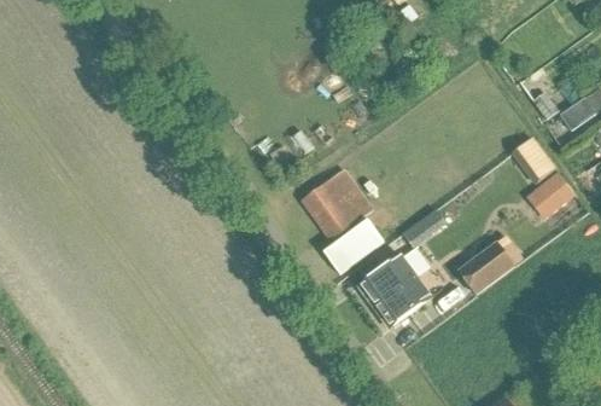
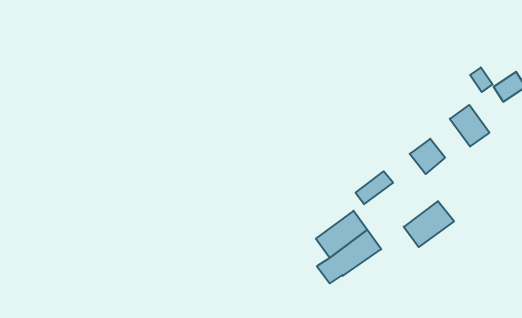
building: [303,168,374,239] -> none
building: [535,173,574,213] -> [410,139,445,174]
building: [325,228,373,274] -> none

